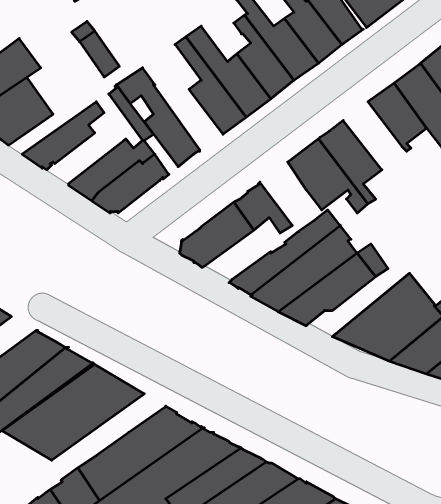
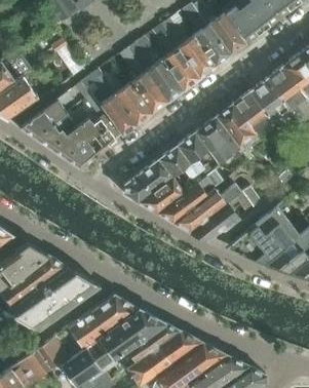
building: none -> [111,82,152,123]
building: none -> [232,91,271,137]
building: none -> [35,111,86,146]
building: none -> [177,131,213,178]
building: none -> [139,177,184,211]

